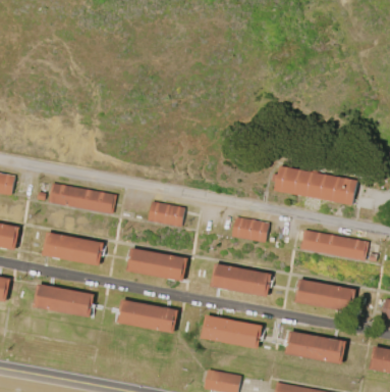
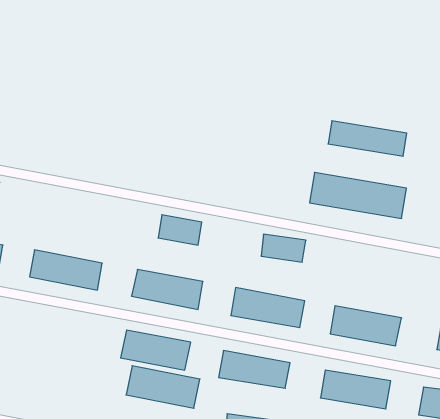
building: [48,183,117,214] -> none
building: [300,231,367,260] -> [328,121,407,156]
building: [30,283,92,318] -> [126,366,200,408]

